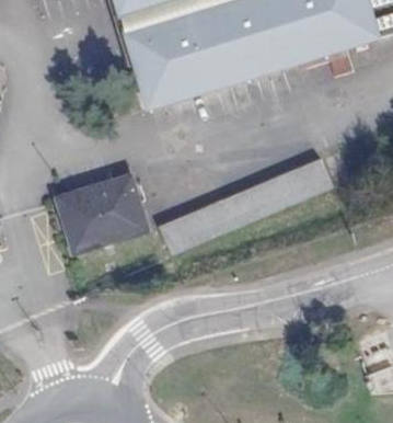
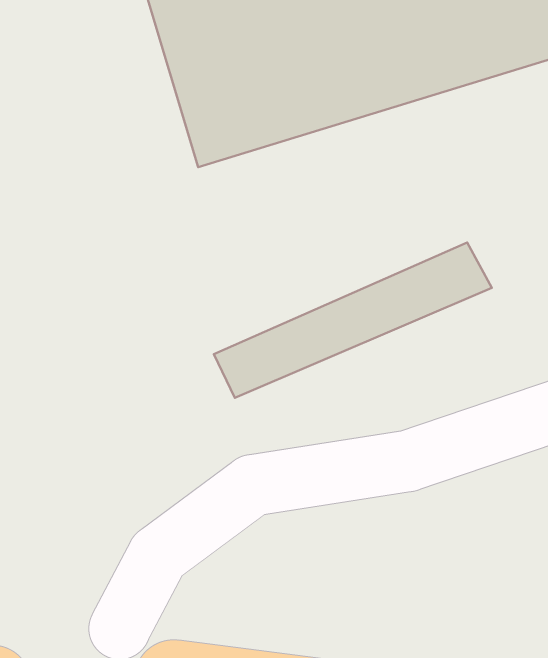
building: [56,171,146,249] -> none

